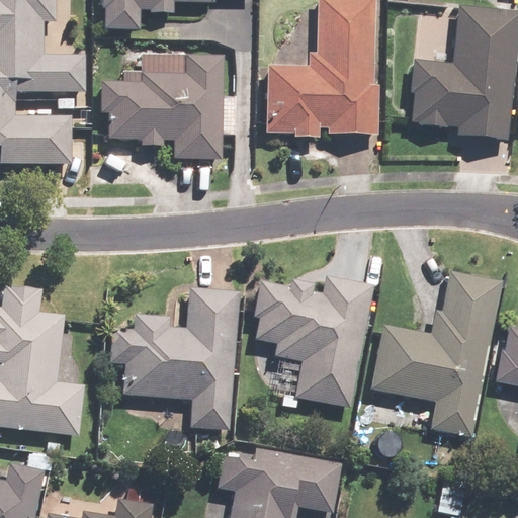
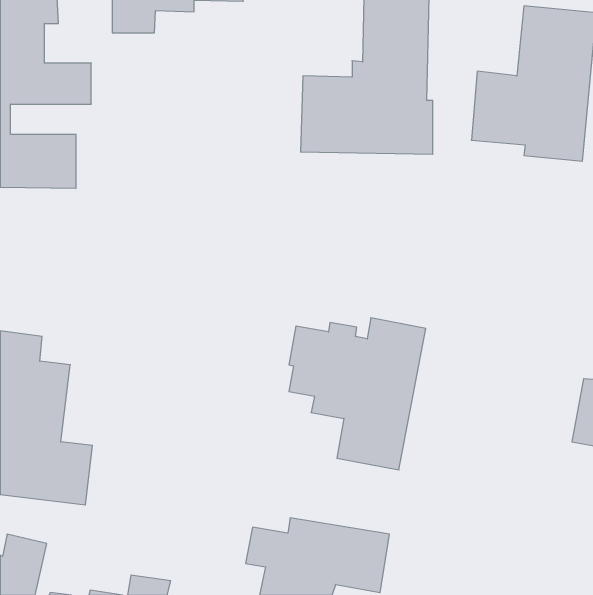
building: [101,54,224,158] -> none
building: [371,271,502,437] -> none
building: [108,287,240,430] -> none

